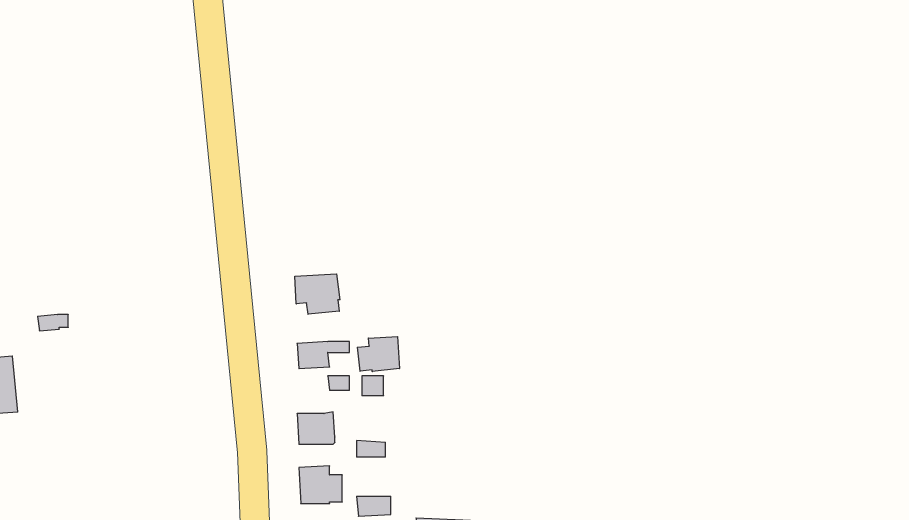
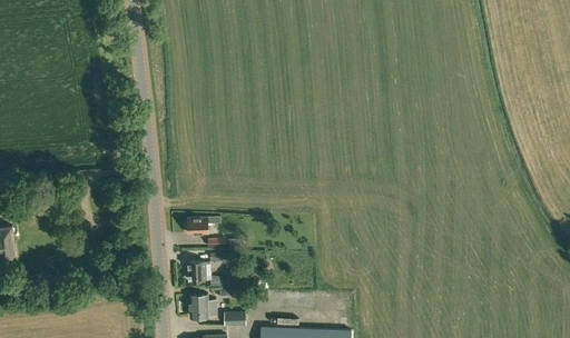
building: [295,274,340,314] -> none
building: [357,337,399,372] -> none

